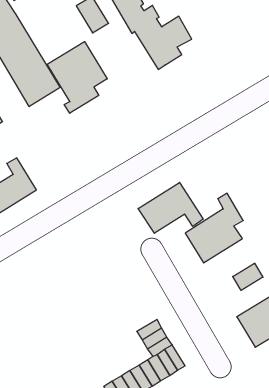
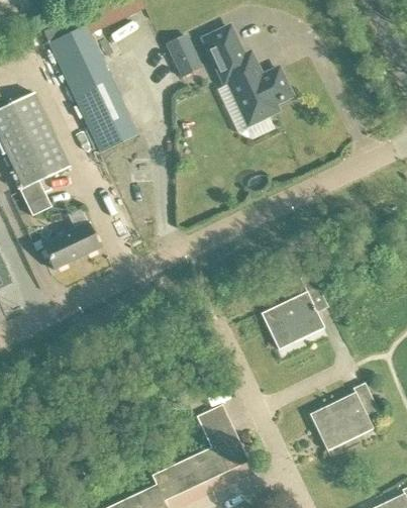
building: [47,42,107,113] -> none
building: [138,182,203,233] -> none
building: [233,263,263,290] -> none

